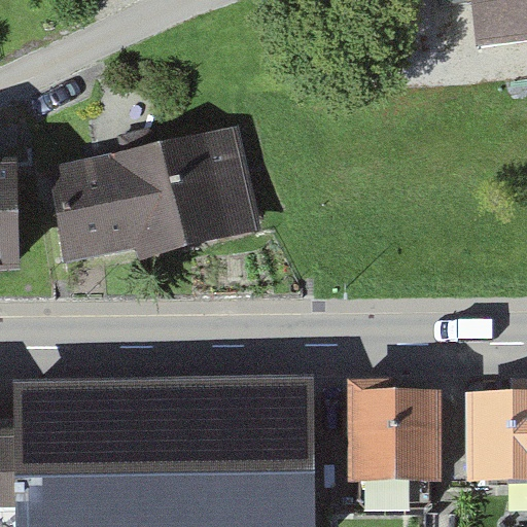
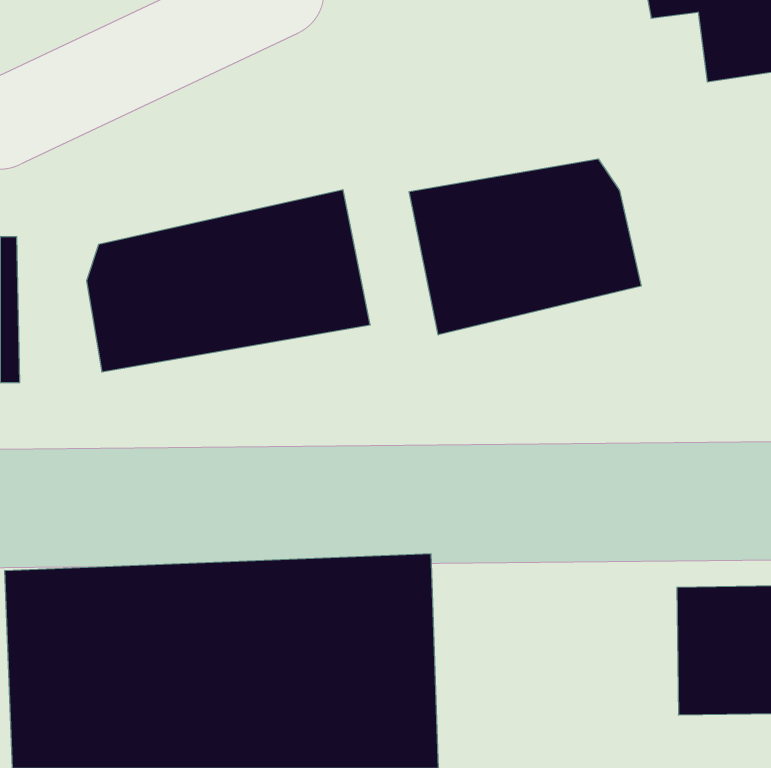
building: none -> [409,159,641,335]
building: [339,396,425,485] -> none

